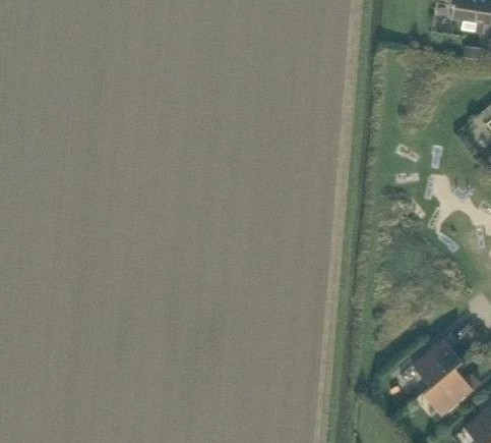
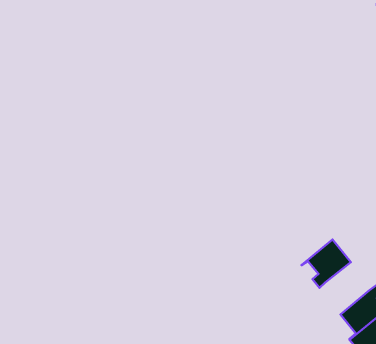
building: none -> [301,239,351,288]

